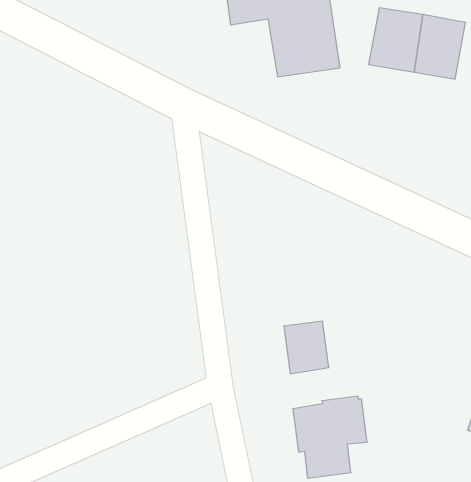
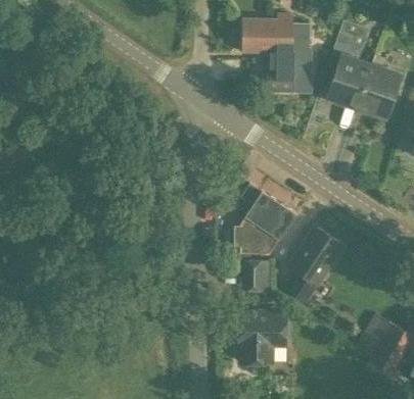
building: none -> [234,184,296,254]
building: none -> [286,225,344,303]

